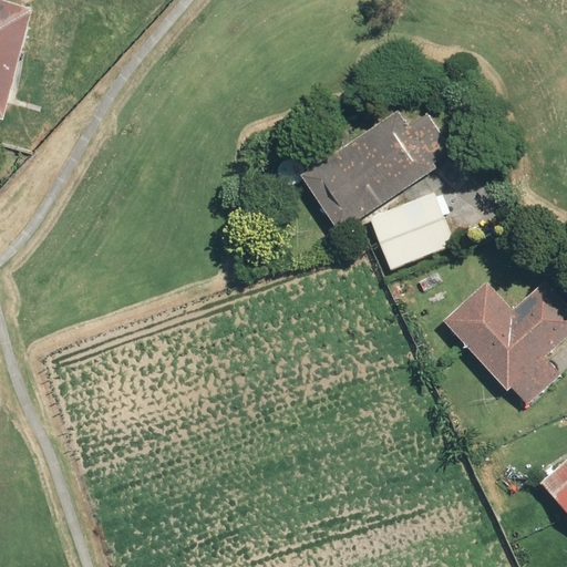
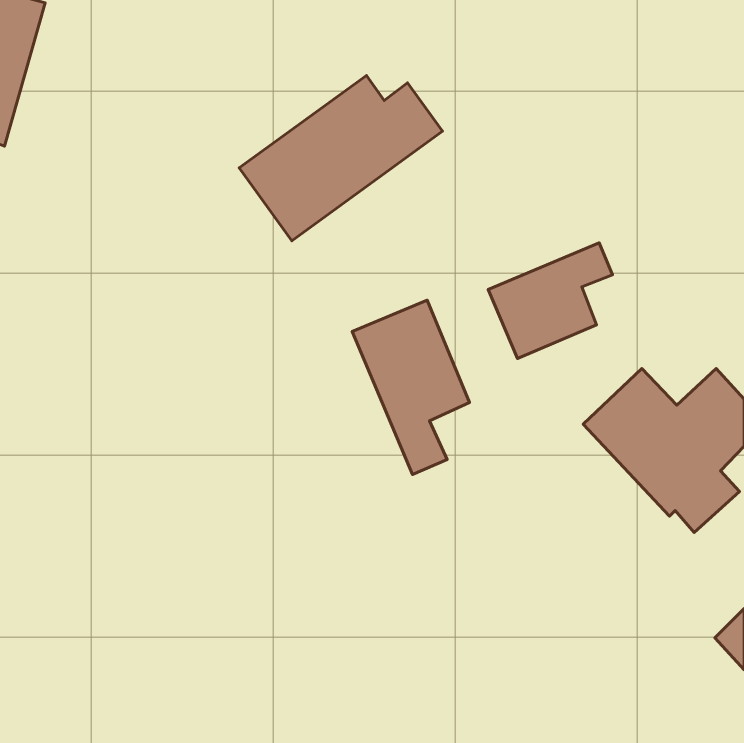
building: [299,107,453,233] -> [239,76,442,241]
building: none -> [352,300,470,475]

